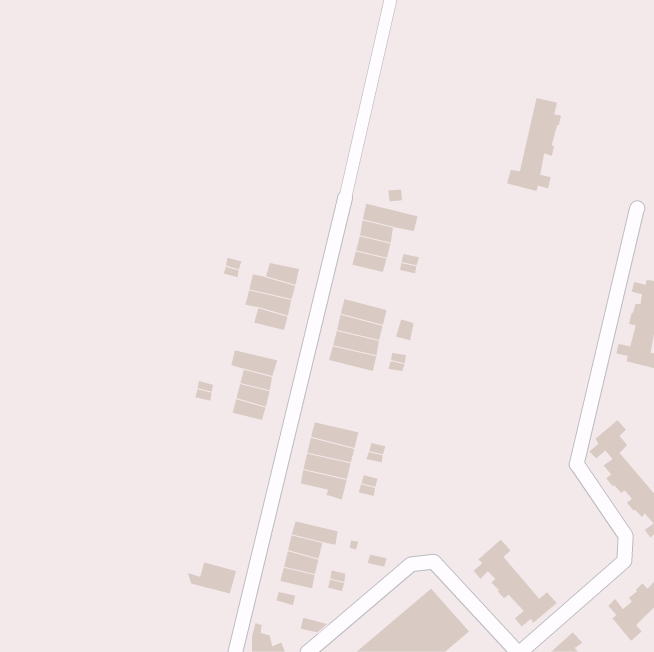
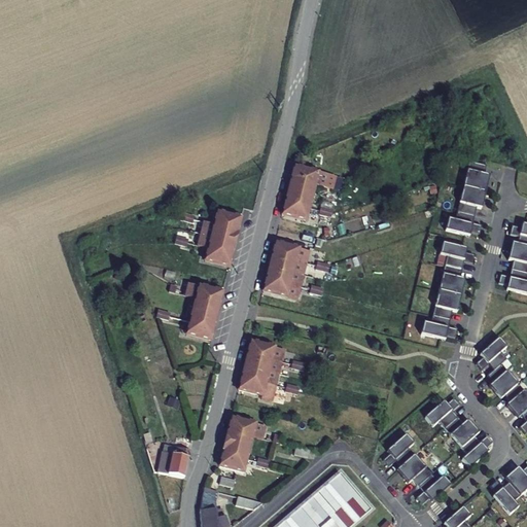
building: [506,97,562,191] -> [443,161,487,236]
building: none -> [418,242,471,339]
building: none -> [423,395,490,466]

